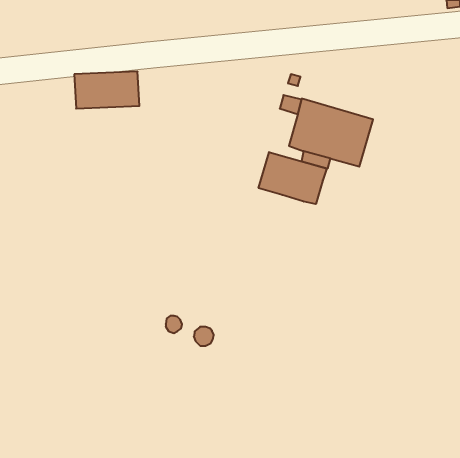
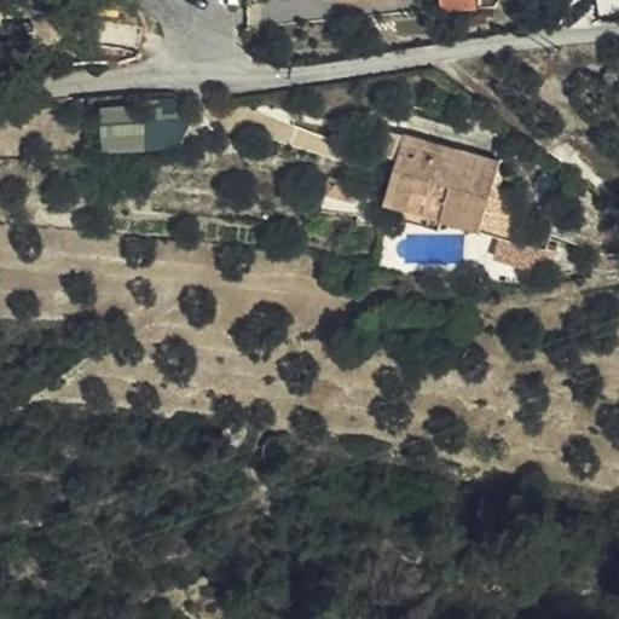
building: [259,152,327,204] -> none

